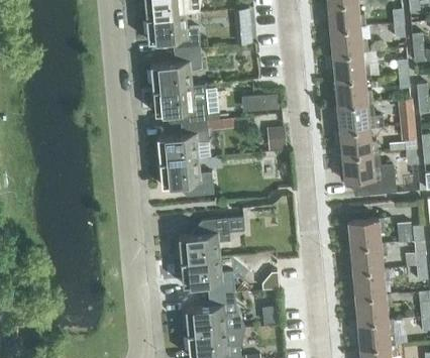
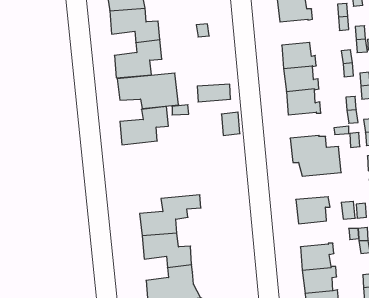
building: [330,26,367,54] -> none
building: [339,127,377,155] -> none
building: [158,158,213,197] -> none
building: [350,244,387,273] -> none

